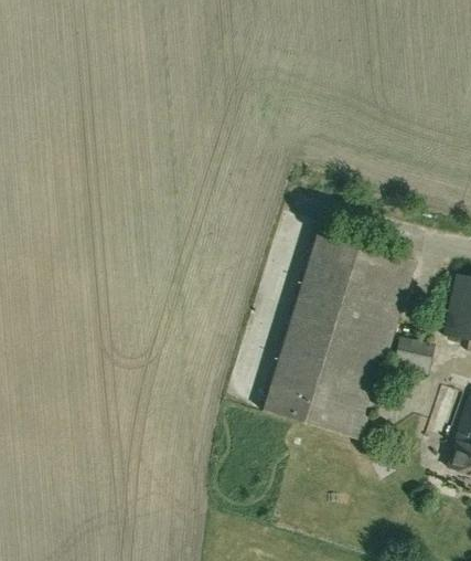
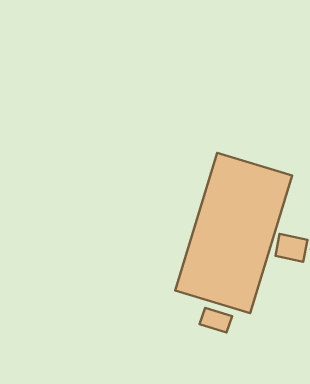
building: none -> [200,308,232,332]

